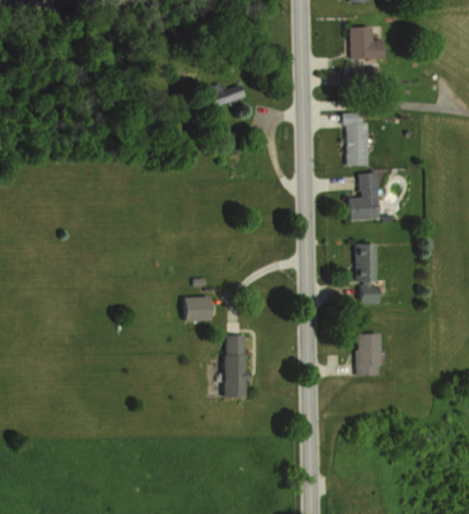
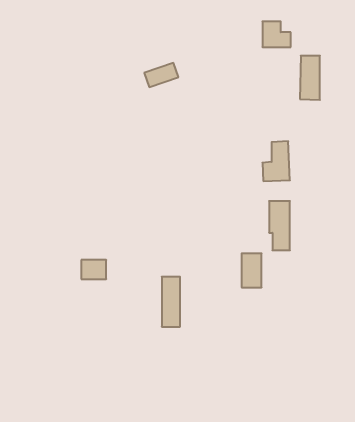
building: [342,112,367,166] -> [300,56,320,100]
building: [185,297,215,320] -> [81,260,106,279]
building: [357,334,381,375] -> [242,253,262,287]

